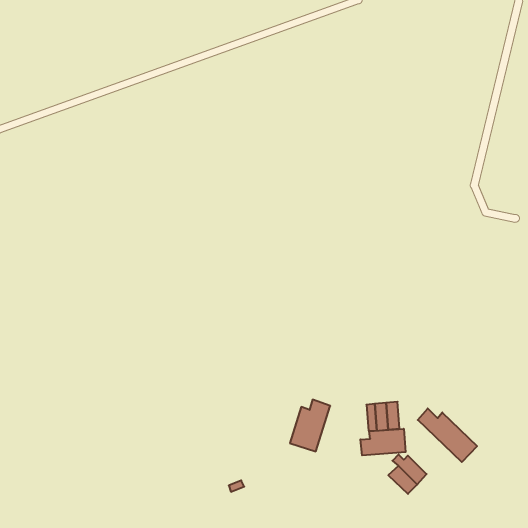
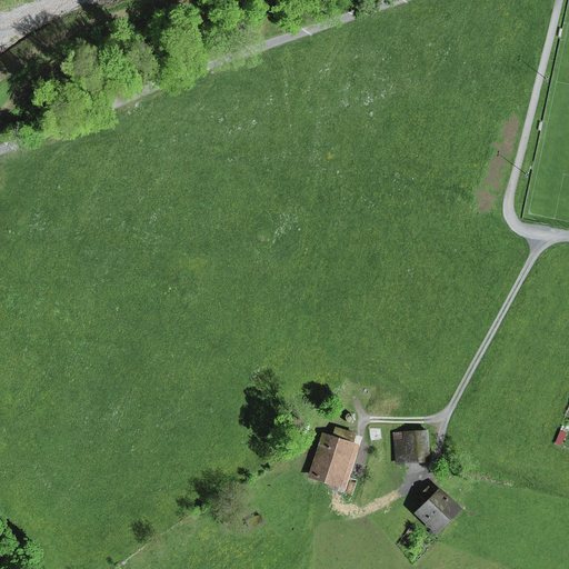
building: [418,408,477,462] -> none
building: [360,429,406,455] -> none

